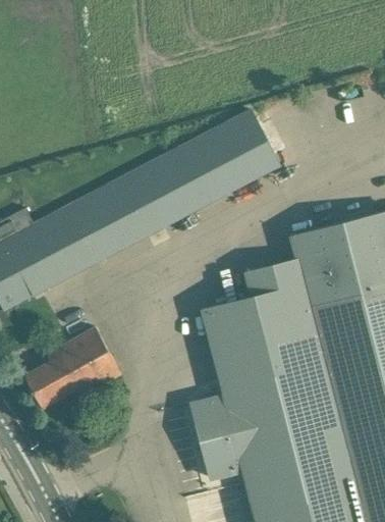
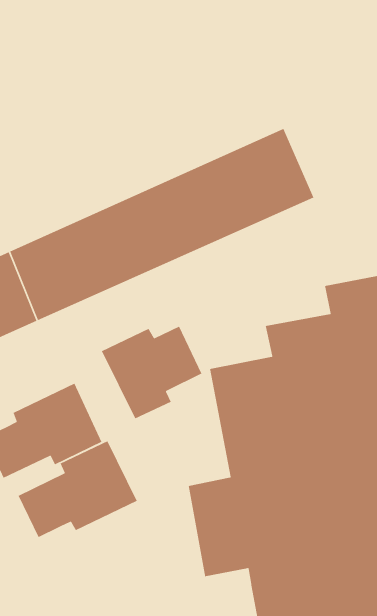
building: none -> [101,325,203,420]
building: none -> [17,440,138,538]

